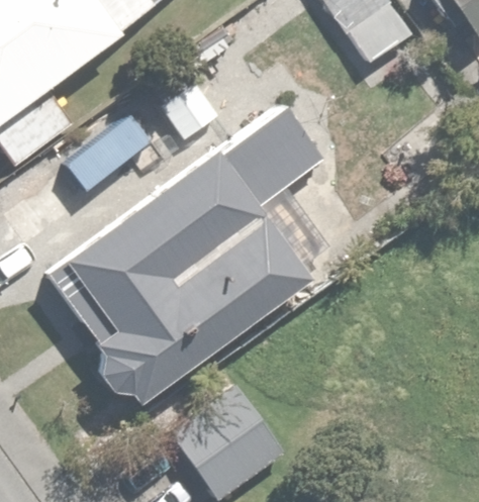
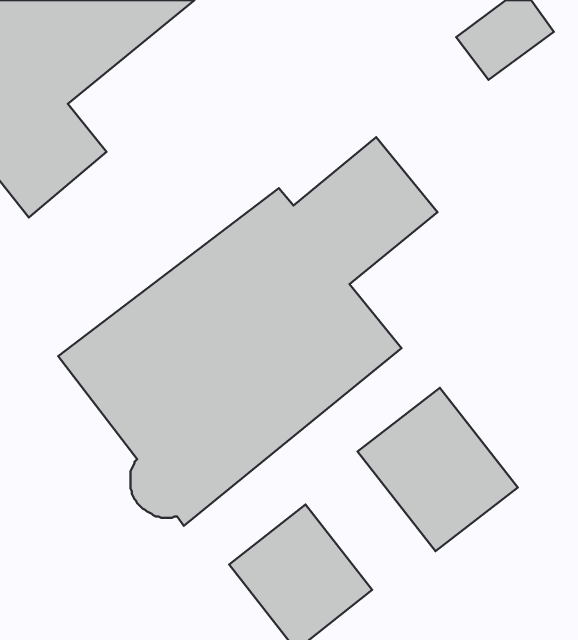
building: none -> [358,388,518,551]

